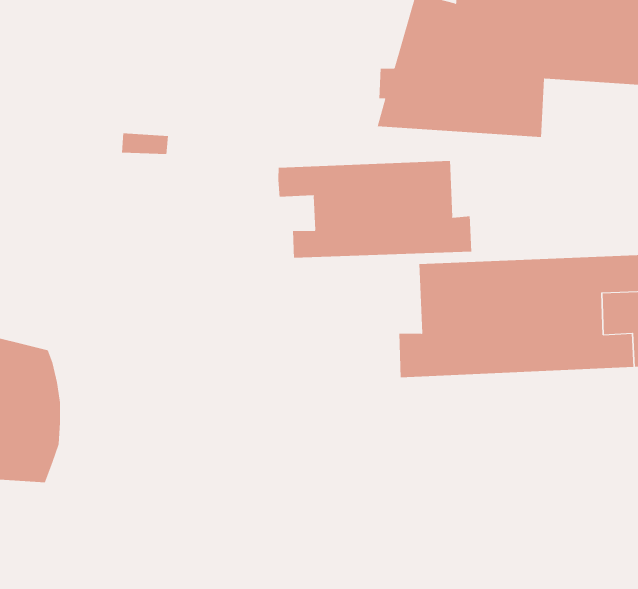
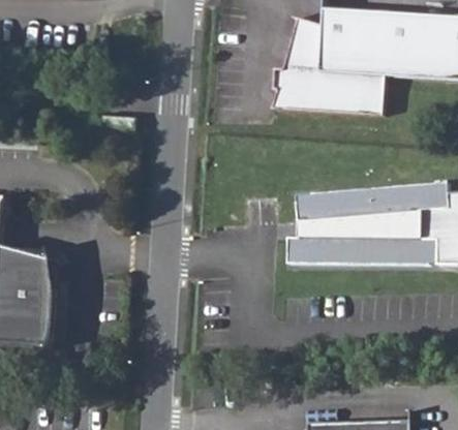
building: [278,160,472,258] -> none

